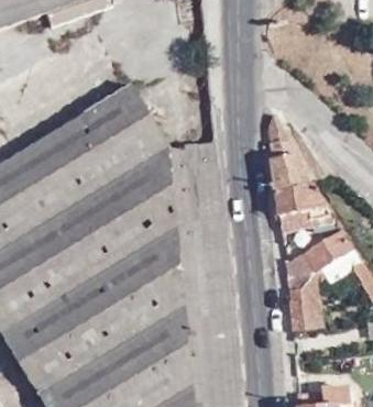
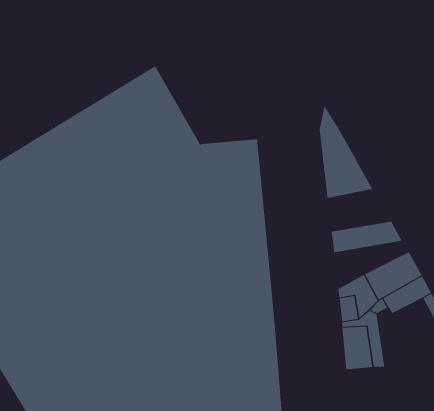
building: [274,184,328,219] -> none

